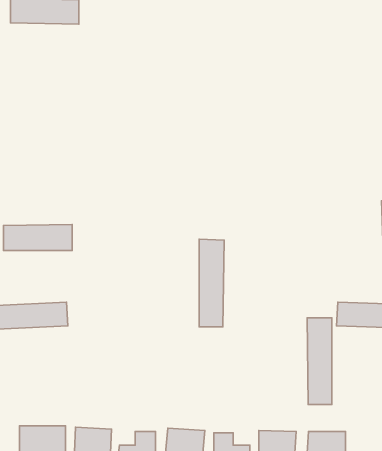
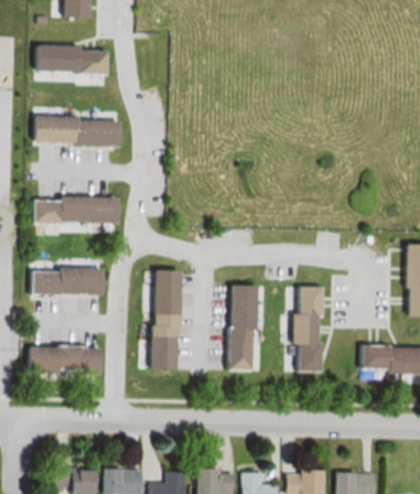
building: none -> [41,119,127,146]
building: none -> [40,200,122,223]
building: none -> [153,269,177,367]
building: [307,318,332,405] -> [294,284,319,369]

